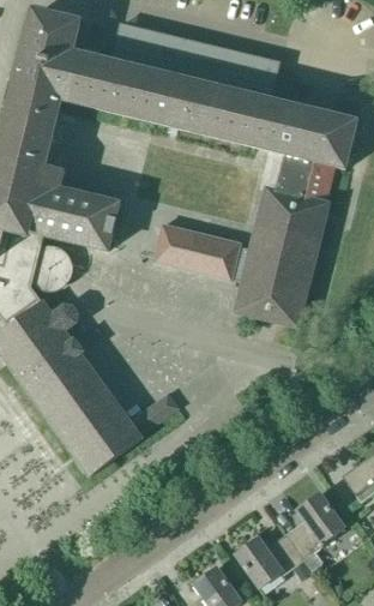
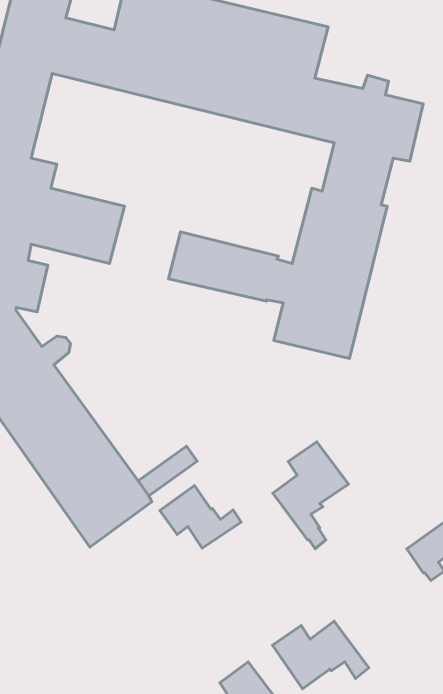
building: none -> [160,486,241,548]
building: [284,492,344,577] -> [273,442,348,549]

